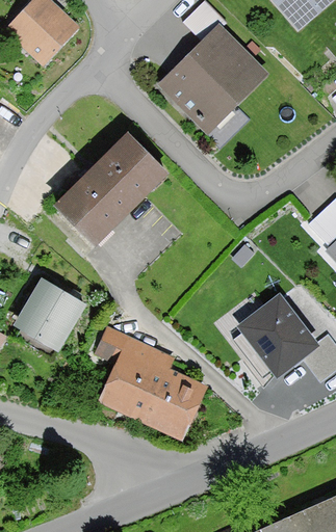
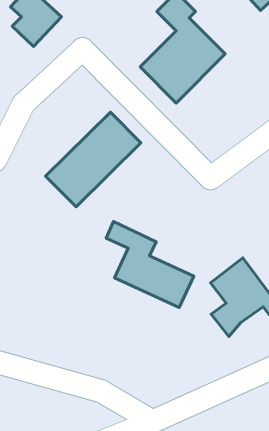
building: [22,280,84,349] -> none
building: [99,331,198,428] -> [106,221,194,308]

